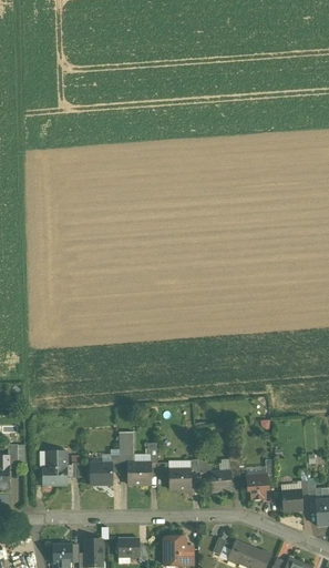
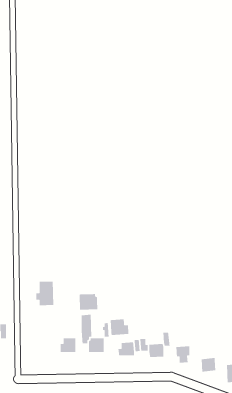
building: none -> [79,293,98,310]
building: none -> [110,319,129,336]
building: [42,450,68,485] -> [36,281,54,306]

